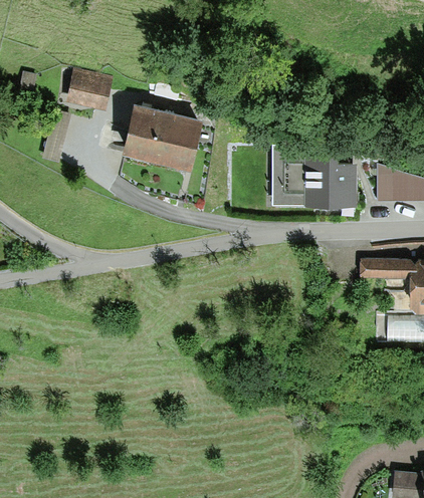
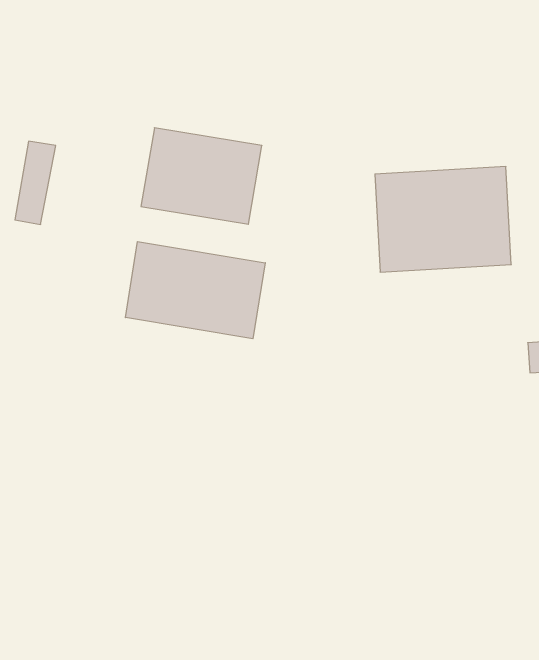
building: [65,68,114,112] -> none
building: none -> [125,242,265,339]

